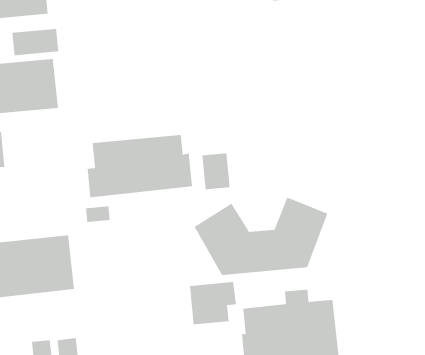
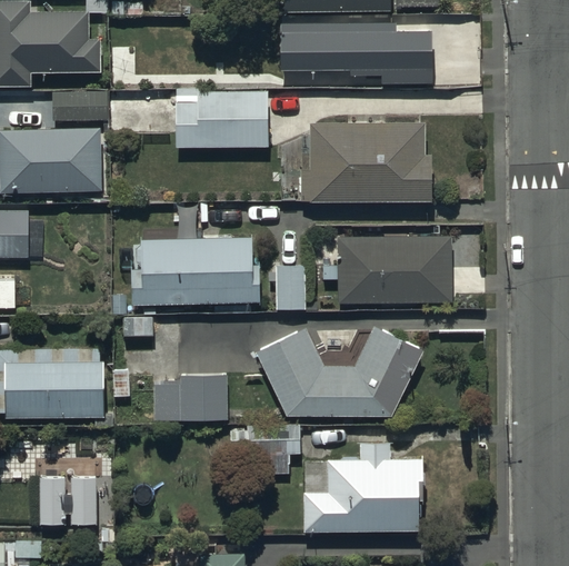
building: none -> [174,89,268,148]
building: none -> [299,122,431,202]
building: none -> [337,237,451,304]
building: none -> [152,376,228,423]

